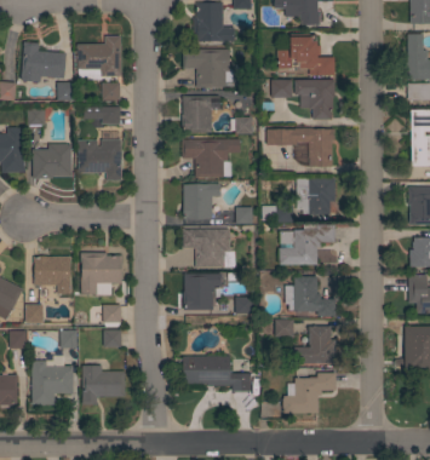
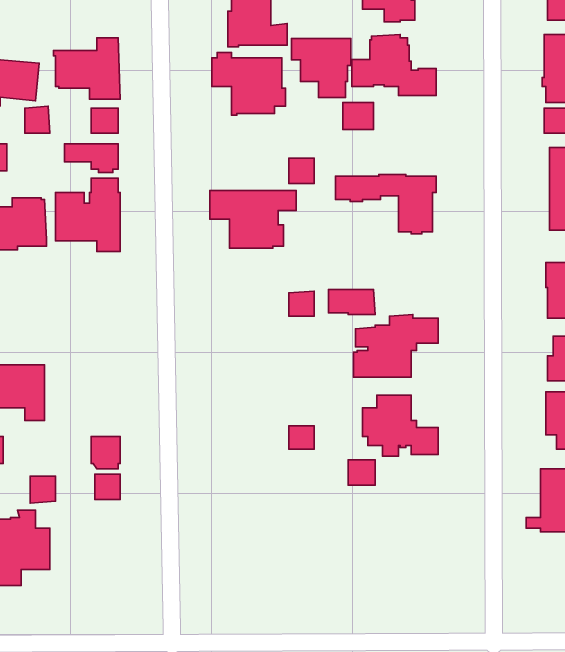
building: [294,80,334,120] -> [292,38,351,98]
building: [182,97,219,133] -> none
building: [296,179,334,215] -> none
building: [183,184,220,219] -> none
building: [182,229,235,269] -> none
building: [81,253,121,295] -> none
building: [183,274,222,310] -> none
building: [294,327,336,364] -> none
building: [183,357,251,392] -> none
building: [82,367,126,404] -> none
building: [282,374,336,413] -> none

